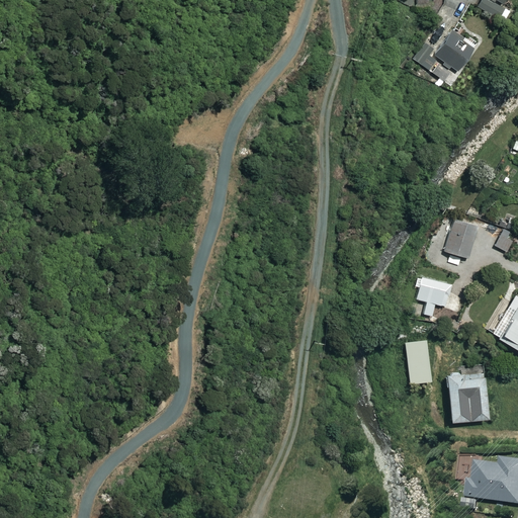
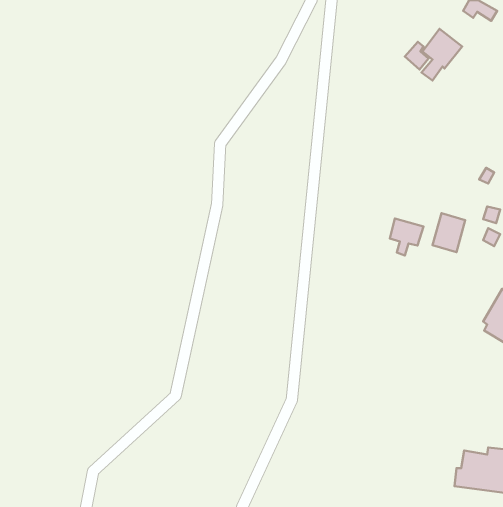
building: [417,277,451,315] -> [390,219,424,255]
building: [398,345,428,376] -> none
building: [445,368,488,419] -> none

